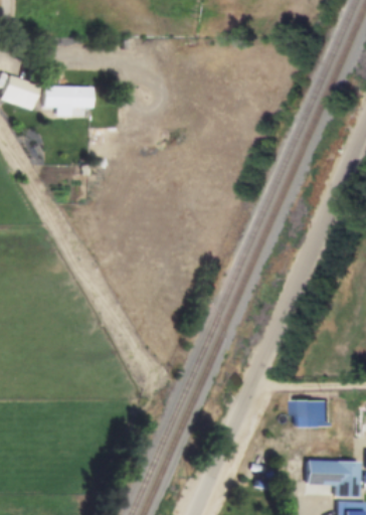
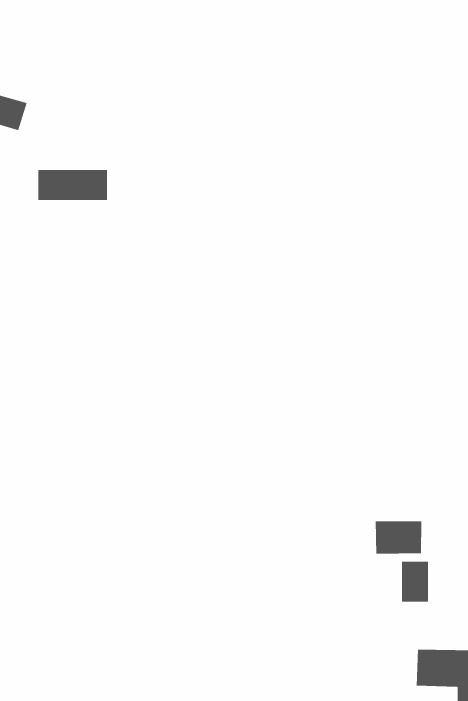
building: [44,88,93,109] -> [37,170,108,200]
building: none -> [375,521,422,554]

